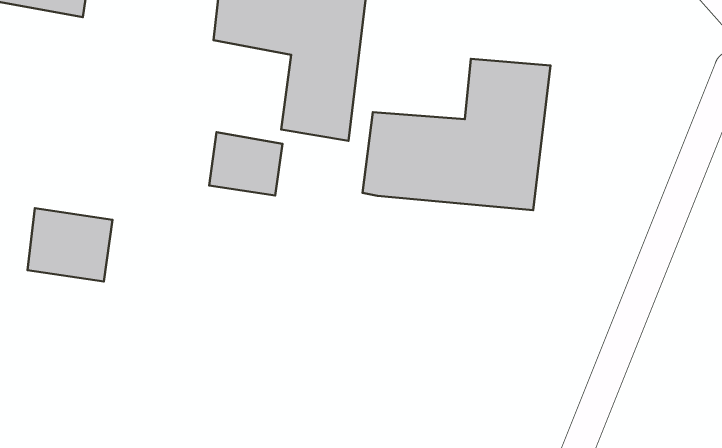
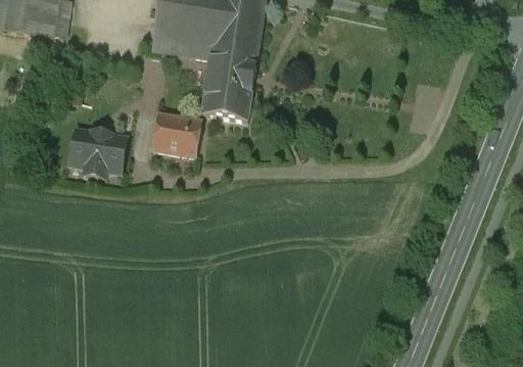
building: [363,59,551,210] -> none
building: [28,208,112,282] -> [70,123,131,175]

